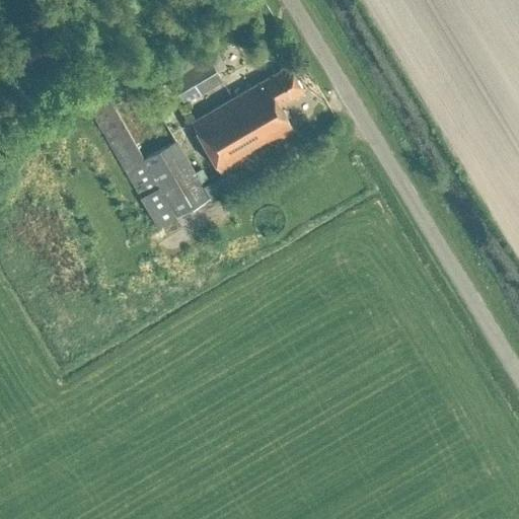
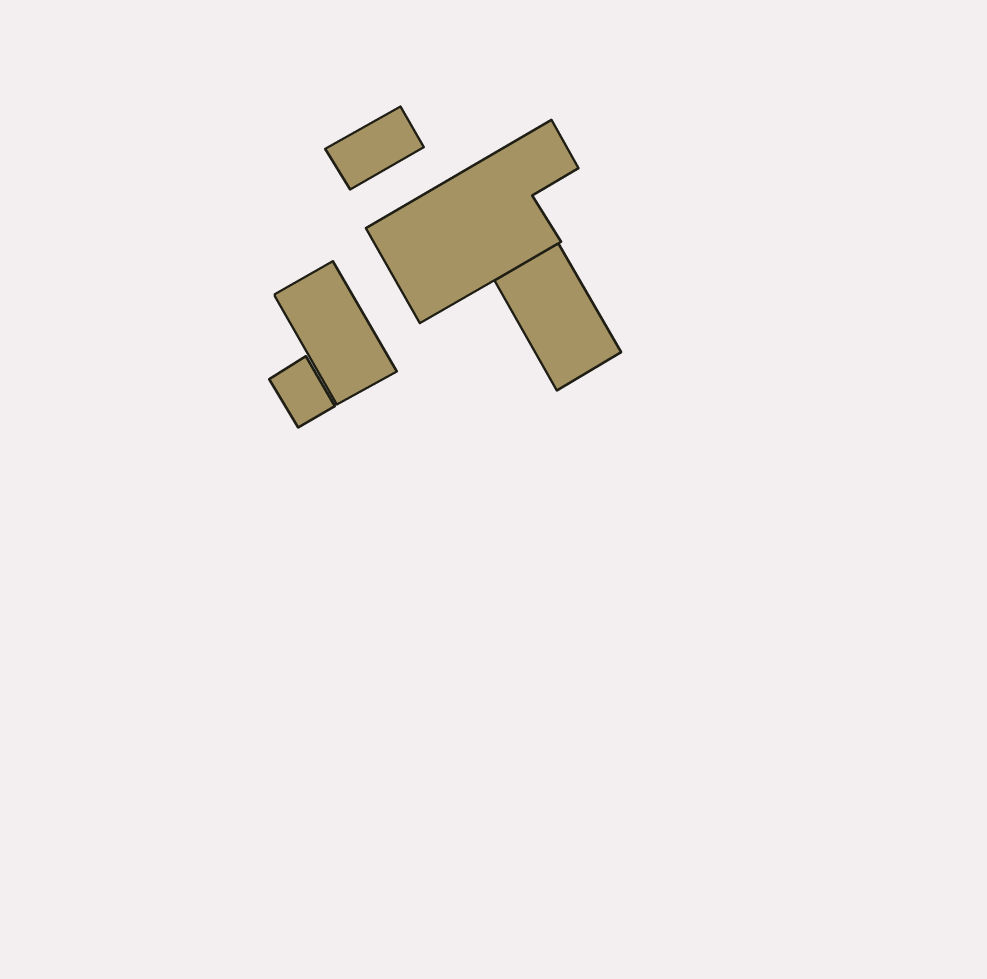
building: [102,108,153,193] -> none
building: none -> [494,244,621,391]

